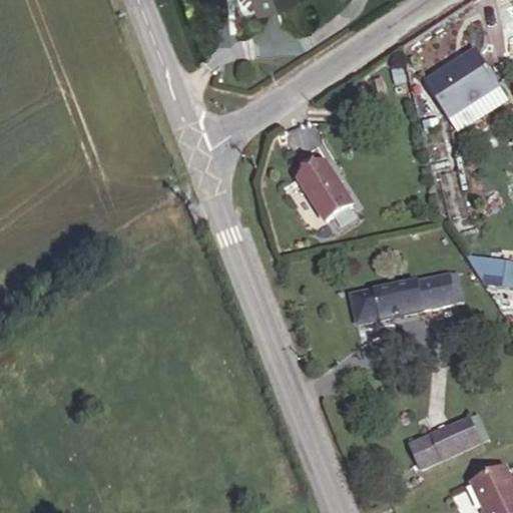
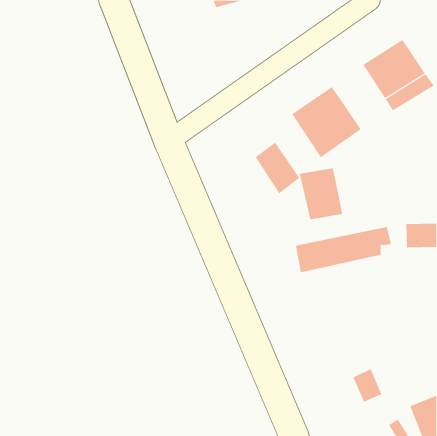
building: none -> [292,86,361,158]
building: none -> [299,168,343,220]
building: [435,416,483,463] -> none

